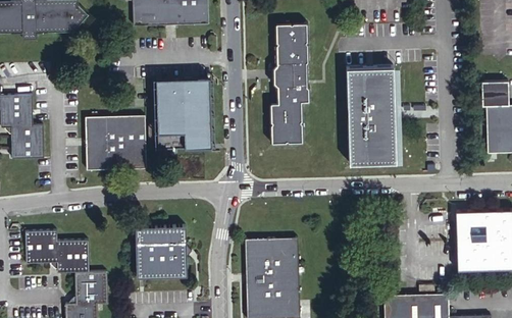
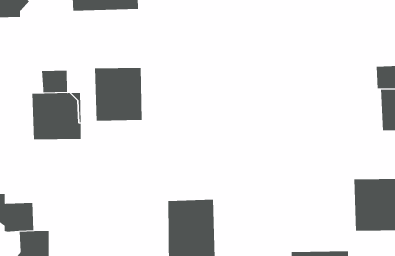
building: [268,20,309,142] -> none
building: [346,66,398,164] -> none
building: none -> [41,70,68,93]
building: [136,226,194,280] -> none

